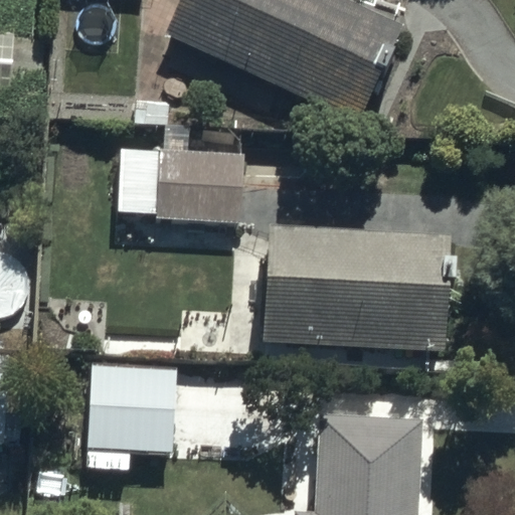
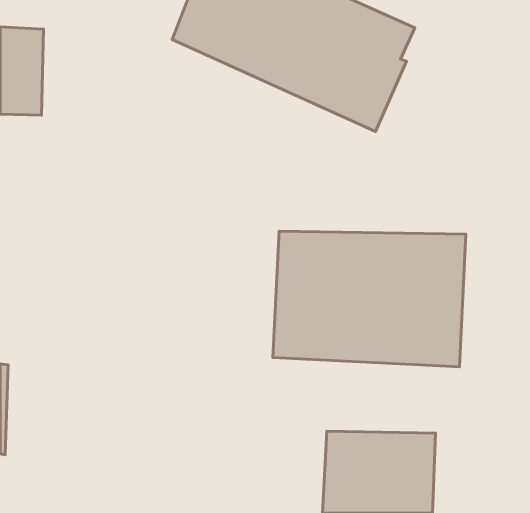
building: [116,137,242,223] -> none
building: [85,366,175,469] -> none

